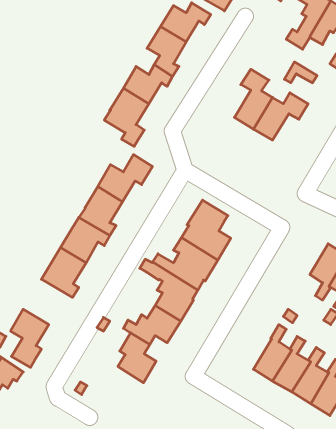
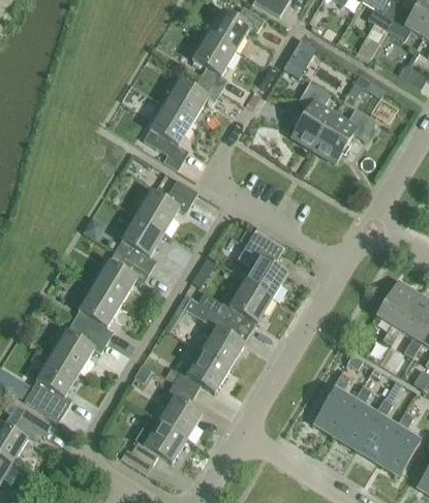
building: none -> [283,40,315,77]
building: none -> [52,320,108,372]
building: none -> [121,415,188,474]

